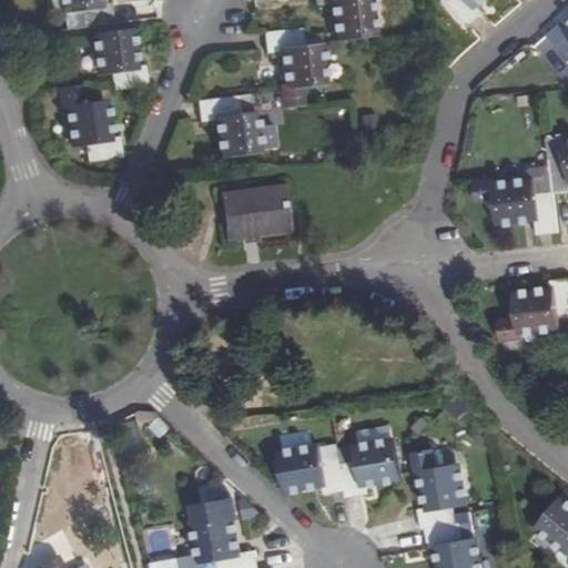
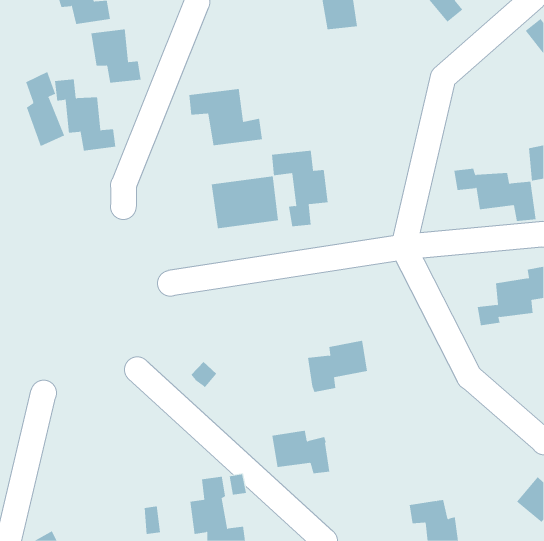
building: [262,26,322,105] -> [271,150,329,227]
building: none -> [26,71,65,147]
building: [339,444,403,498] -> [307,340,368,392]
building: [414,448,466,527] -> none

